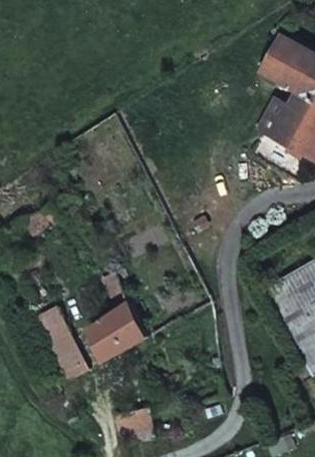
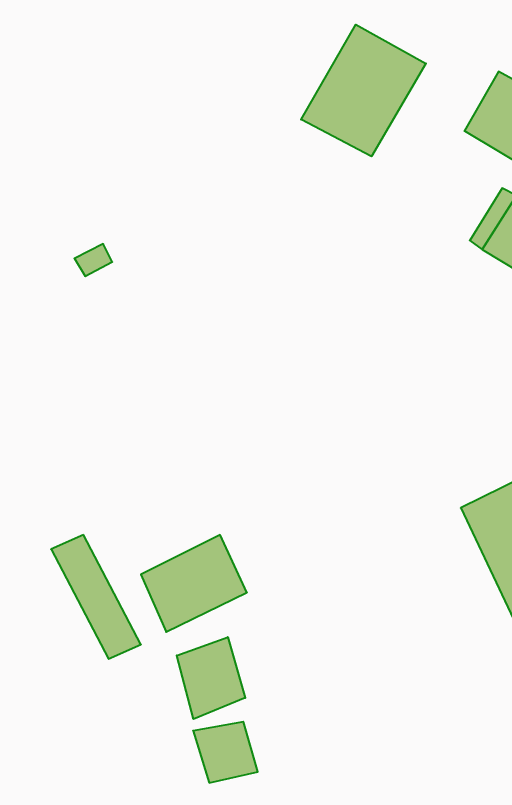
building: none -> [301,25,426,156]
building: none -> [177,637,245,719]

